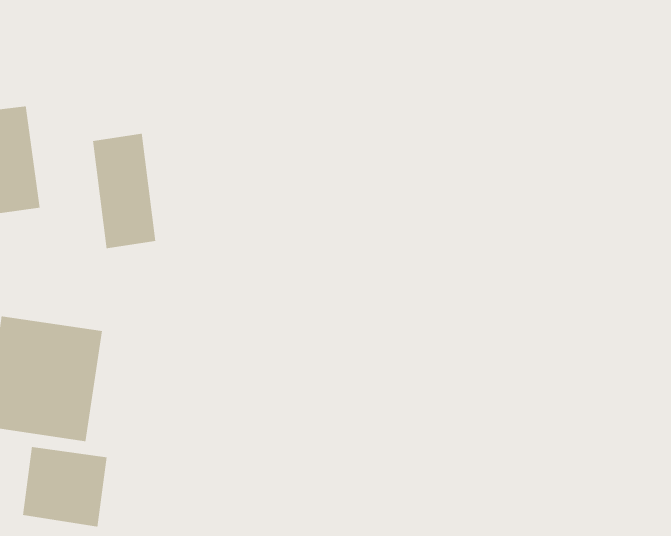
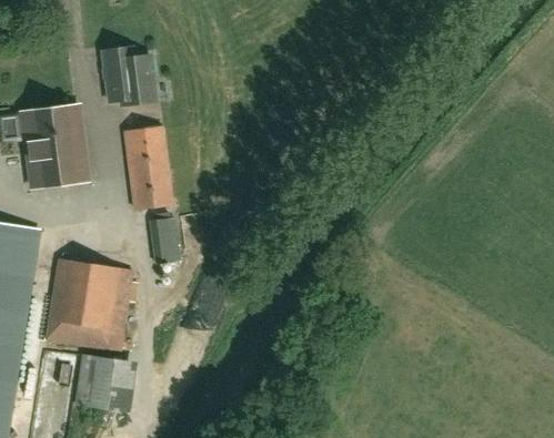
building: none -> [103,48,157,105]
building: none -> [149,216,183,265]

